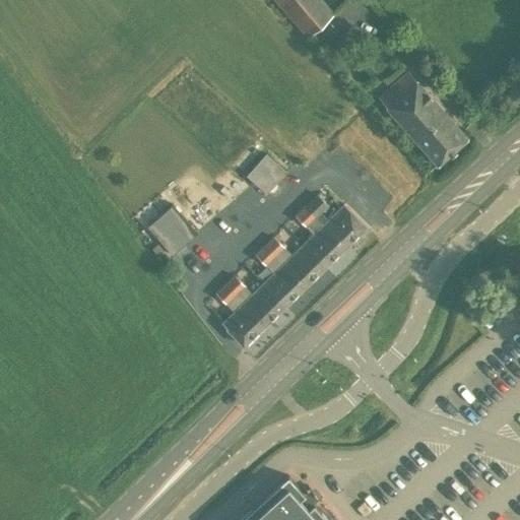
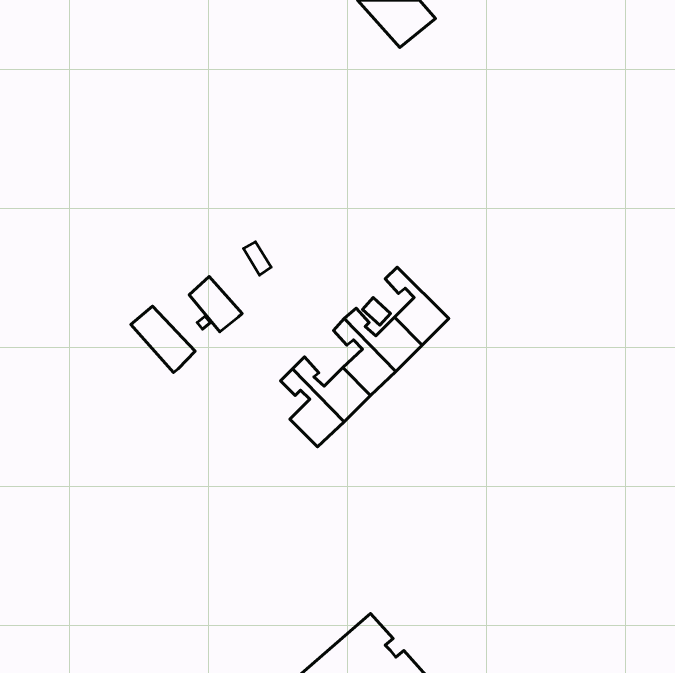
building: [380,73,468,166] -> none
building: [247,155,287,195] -> none
building: [306,195,366,247] -> none
building: none -> [131,306,195,372]

